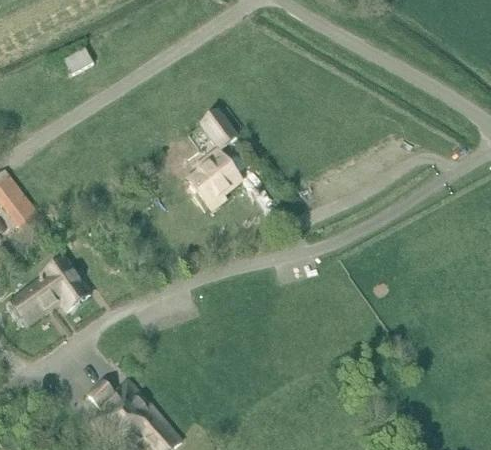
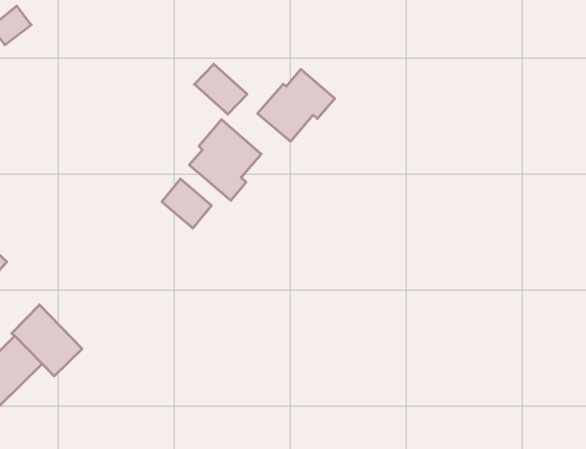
building: none -> [258,69,335,141]
building: none -> [162,179,211,228]

